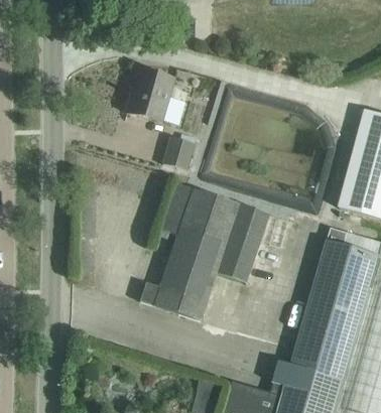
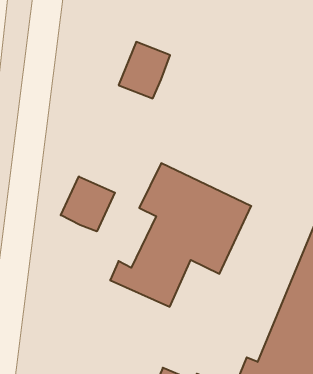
building: [162,137,194,170] -> none
building: none -> [61,176,115,231]

